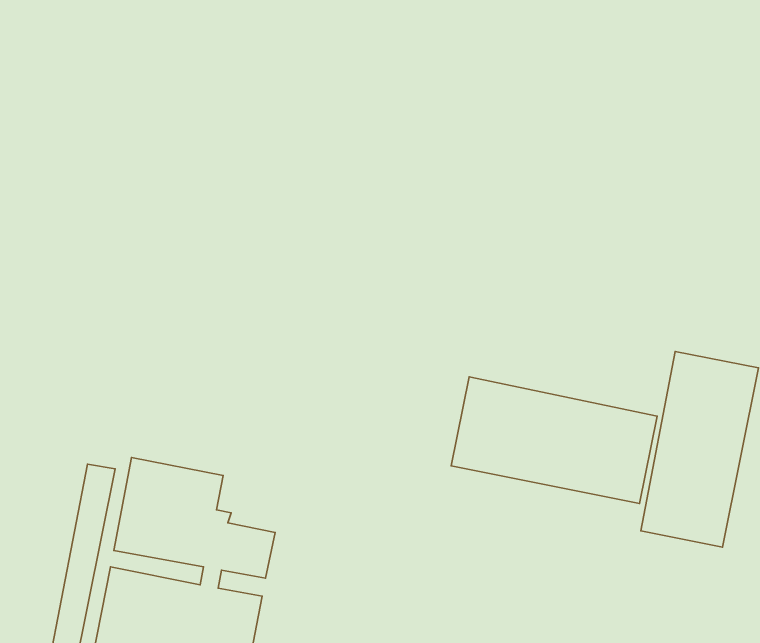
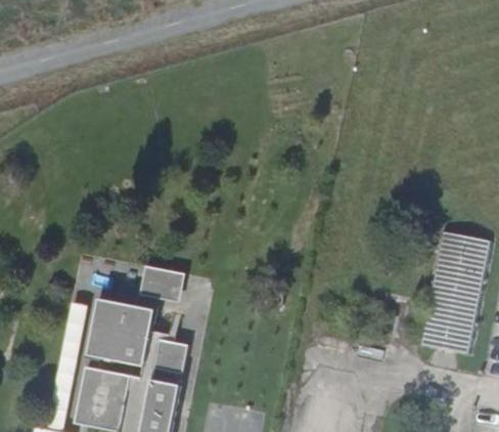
building: [451,377,657,504] -> none
building: none -> [139,265,185,302]

